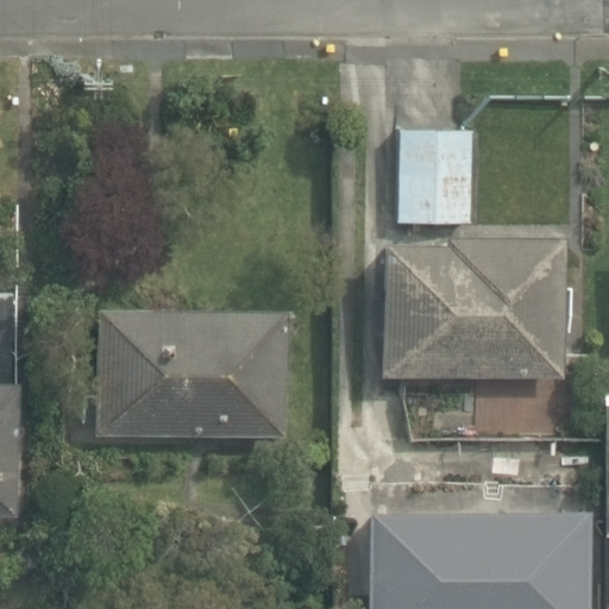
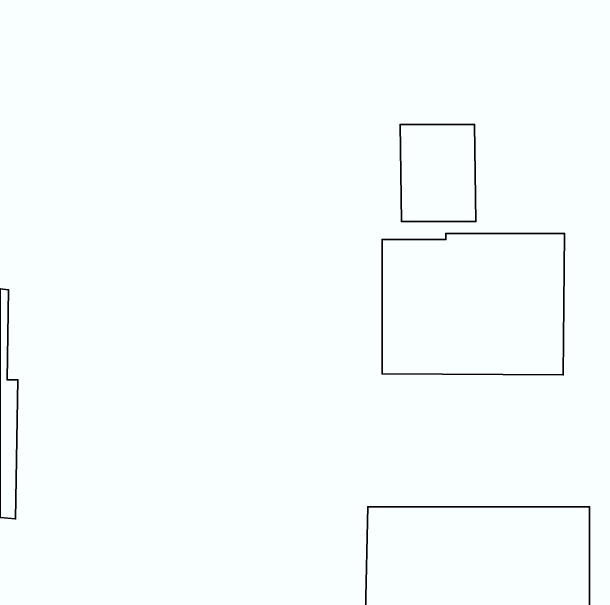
building: [96,312,285,439] -> none

